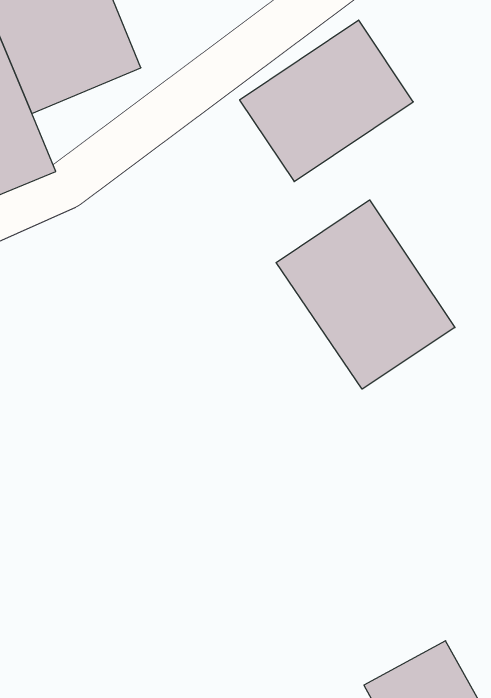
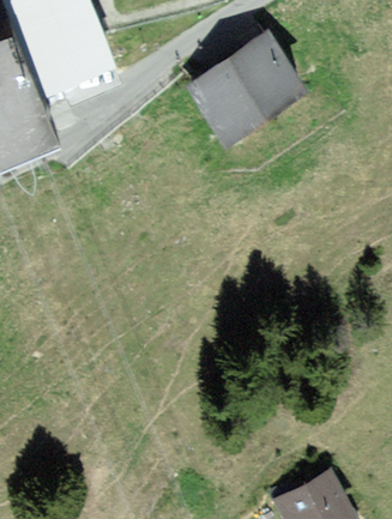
building: [276,200,455,389] -> none

